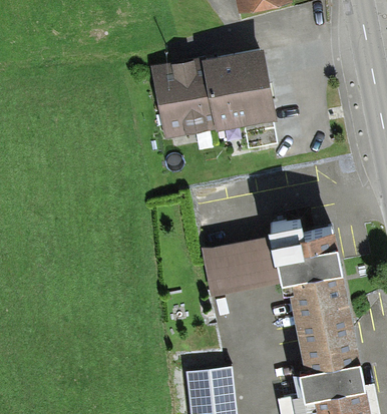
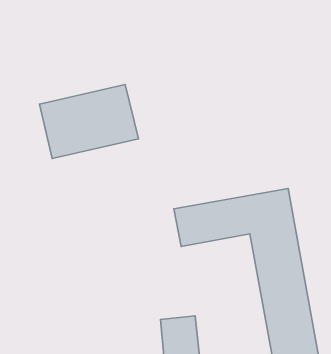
building: [156,60,268,143] -> [40,85,139,159]

